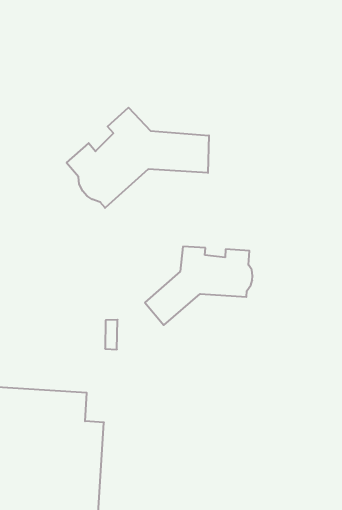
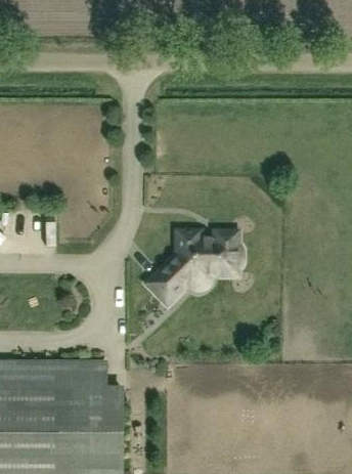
building: [67,108,209,208] -> none

